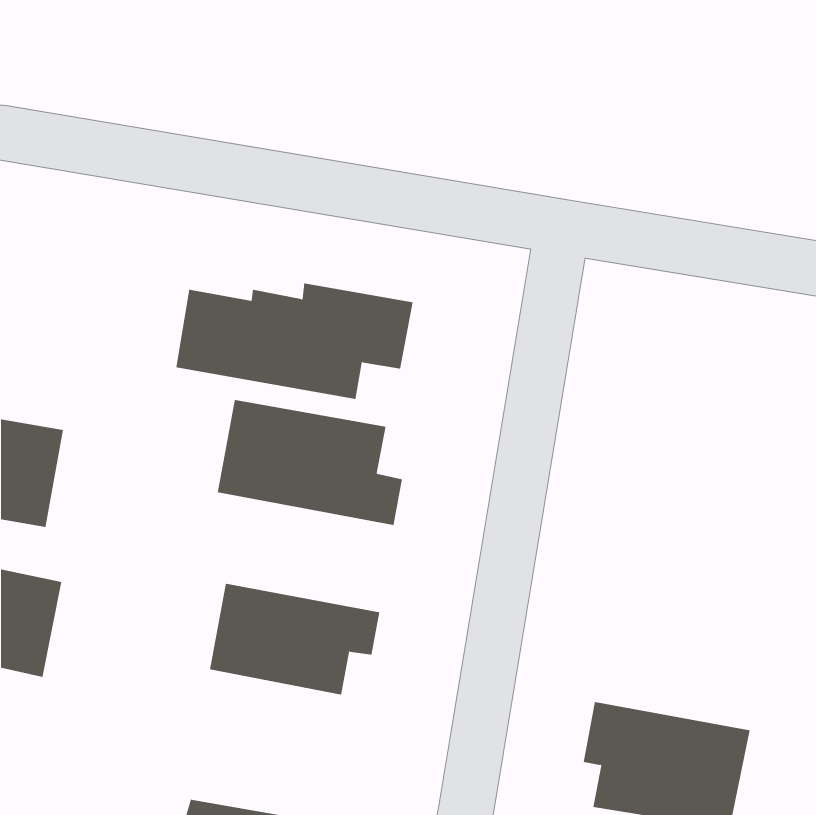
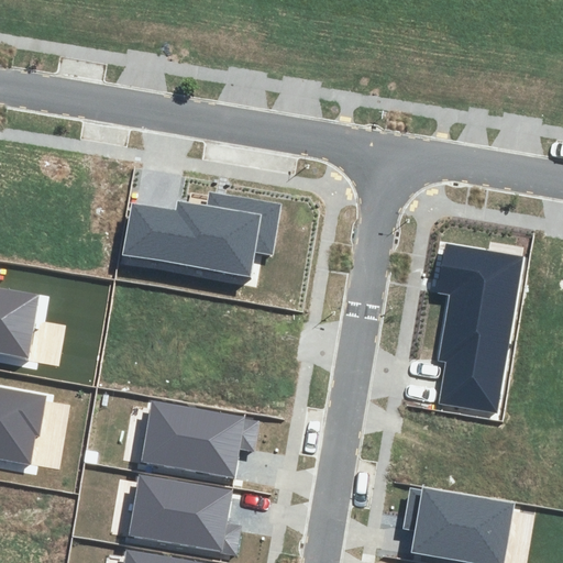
building: none -> [437,244,519,410]
building: [217,399,402,526] -> none
building: none -> [128,478,240,558]

